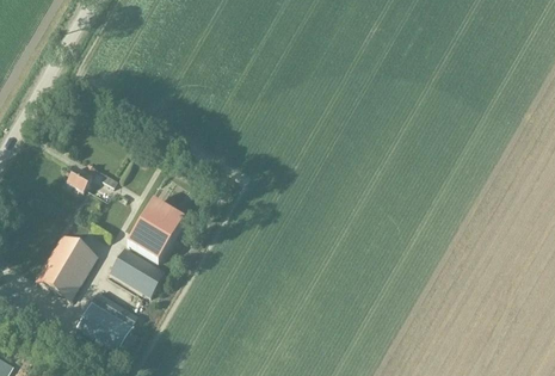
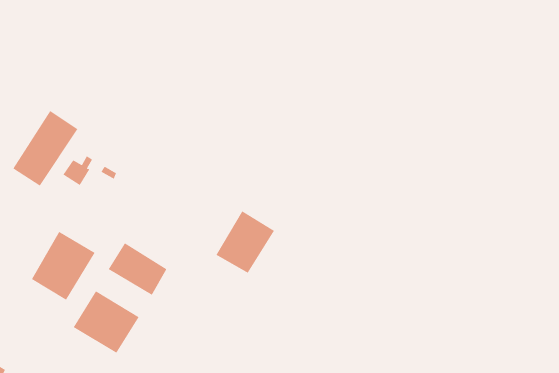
building: none -> [12,110,78,187]
building: [127,201,183,260] -> [215,211,275,274]

